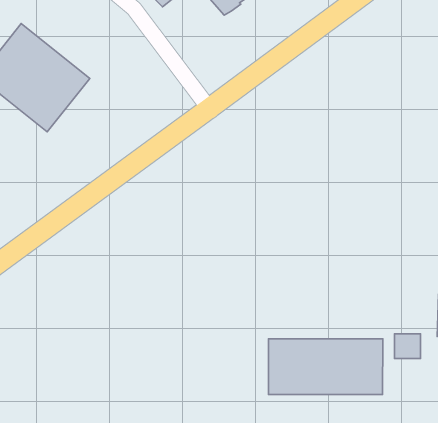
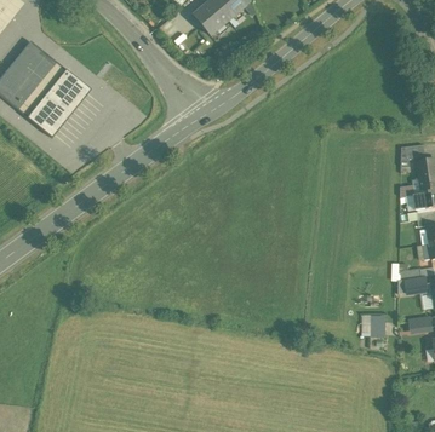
building: [268,339,383,394] -> none

